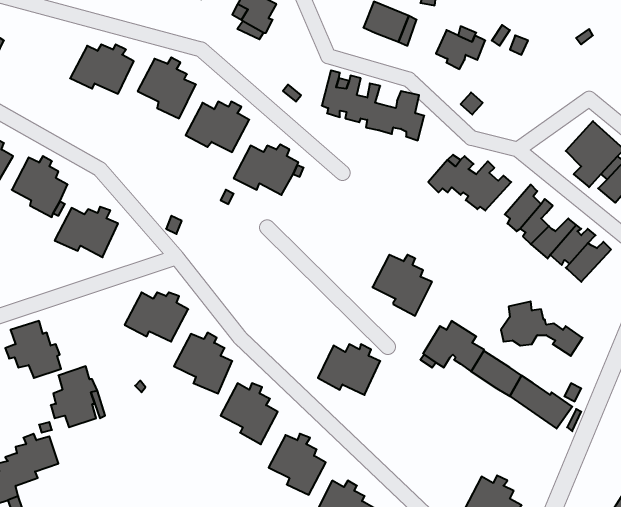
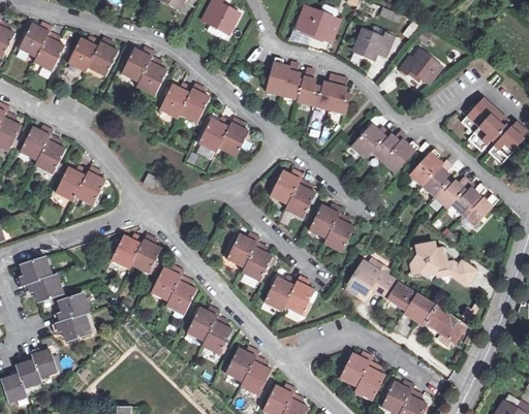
building: none -> [19,23,64,71]
building: none -> [402,47,444,79]
building: none -> [270,169,316,219]
building: none -> [226,232,273,282]
building: none -> [339,352,385,401]

